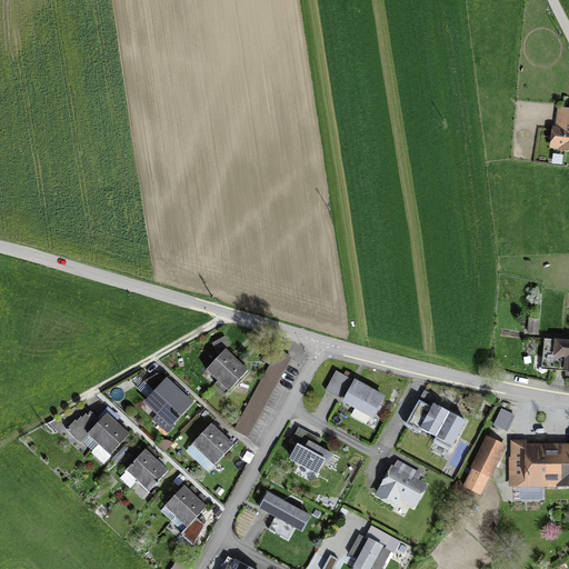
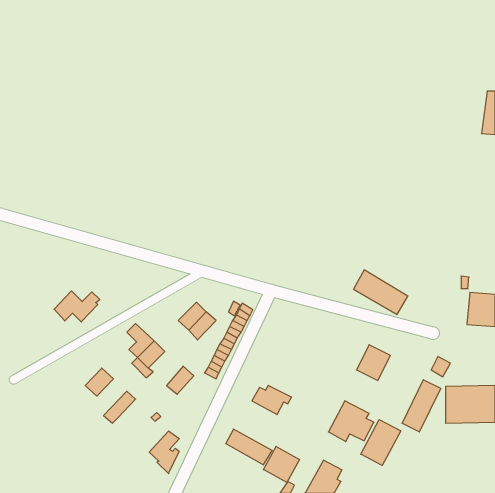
building: [325,368,387,419] -> [354,270,408,314]
building: [67,407,119,442] -> [54,291,100,322]
building: [433,408,470,448] -> none
building: [203,431,234,463] -> none
building: [136,458,169,491] -> none
building: none -> [361,420,401,465]
building: [160,483,193,519] -> none
building: none -> [263,446,300,482]

